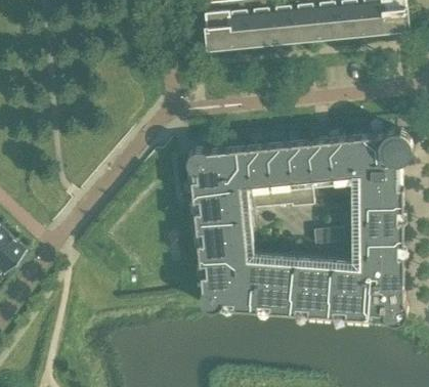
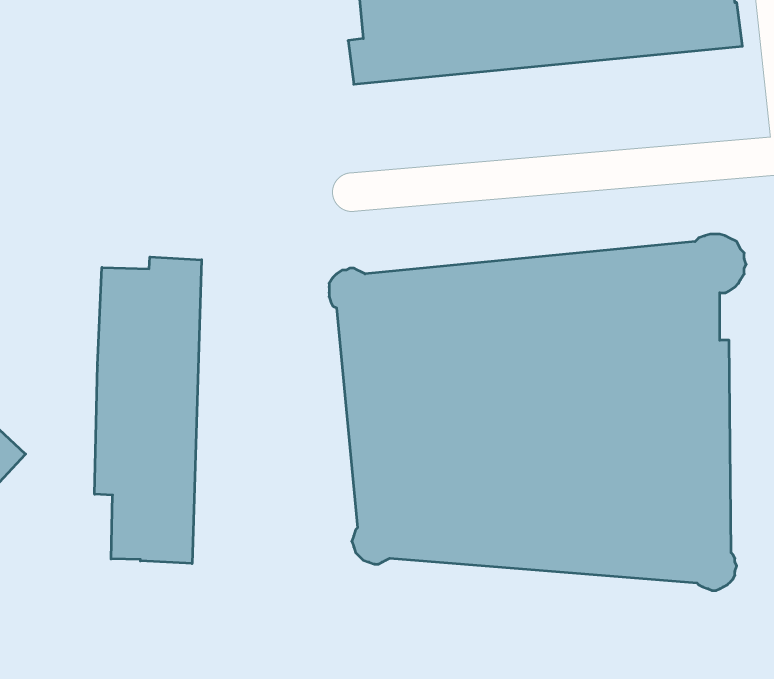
building: none -> [95,257,202,564]

